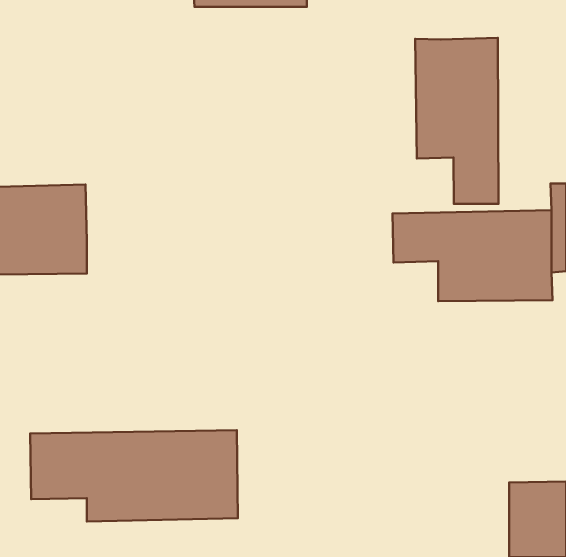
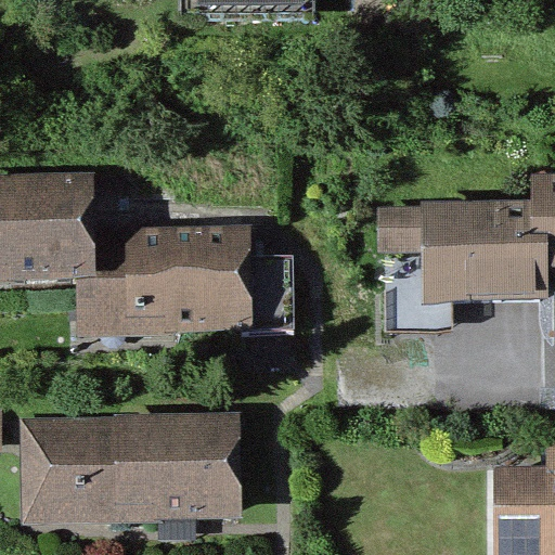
building: [415,38,498,204] -> none
building: none -> [85,232,293,331]

